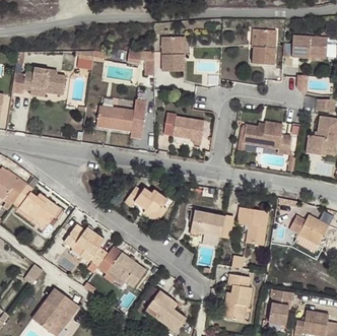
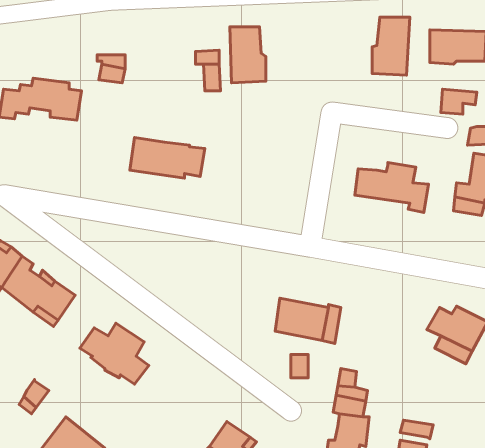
building: [163,114,203,140] -> none
building: [124,186,168,222] -> none
building: [238,207,268,246] -> none
building: [97,253,146,287] -> none

